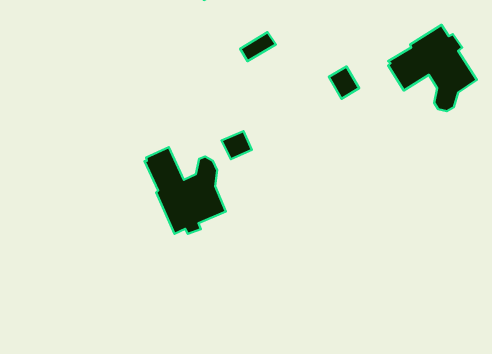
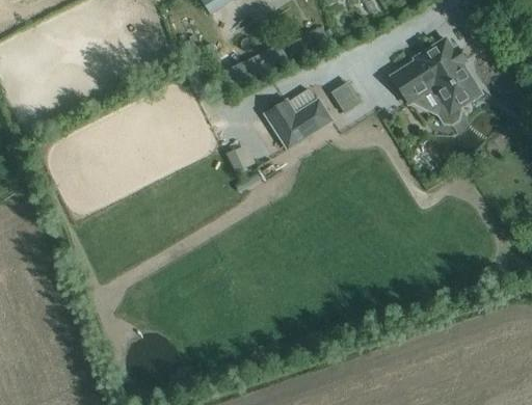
building: none -> [264,99,330,148]
building: [144,147,226,234] -> none

